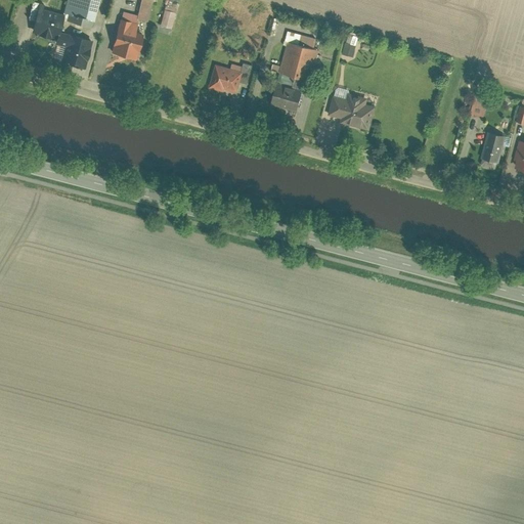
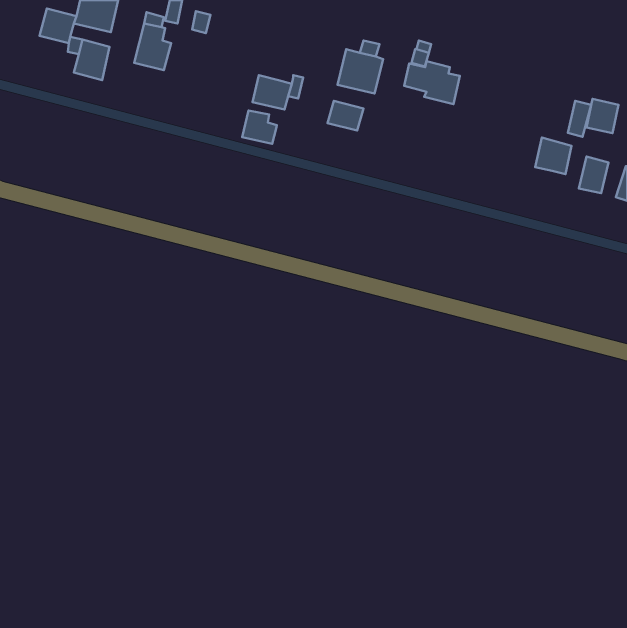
building: none -> [586,99,618,133]
building: none -> [242,110,277,144]
building: [329,93,375,129] -> [404,61,460,104]
building: none -> [535,138,572,174]

